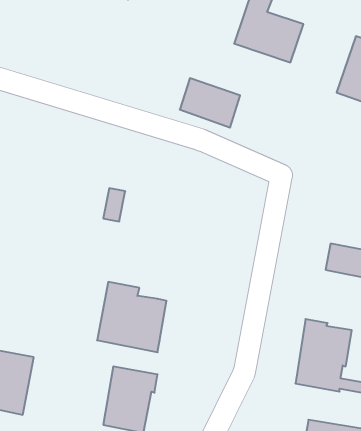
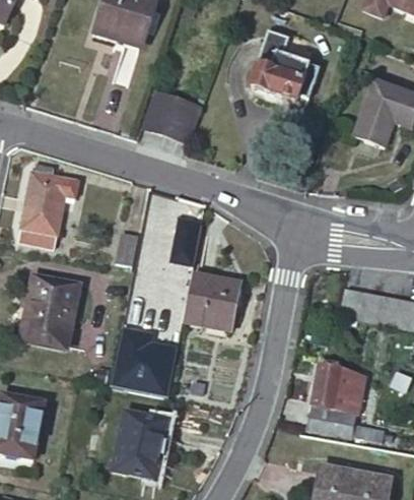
building: [180,78,240,128] -> [136,92,197,142]
building: none -> [19,166,77,246]
building: none -> [185,271,242,330]
building: none -> [27,276,79,347]

